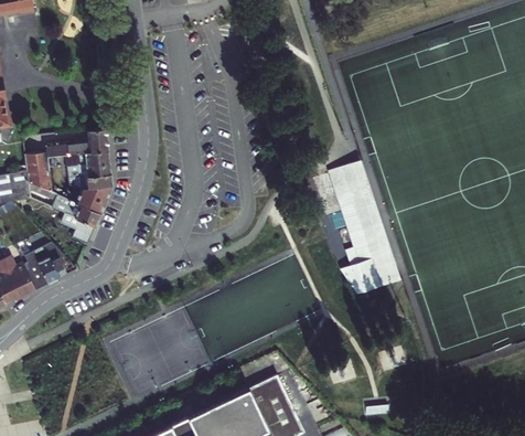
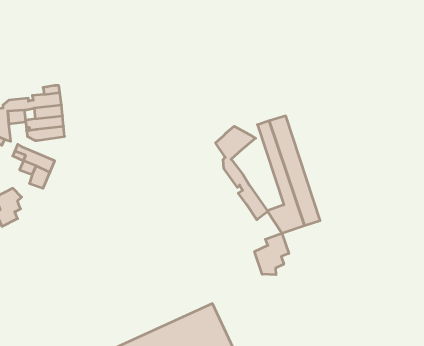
building: none -> [216,126,268,220]
building: [64,185,111,213] -> none
building: none -> [255,233,289,275]

